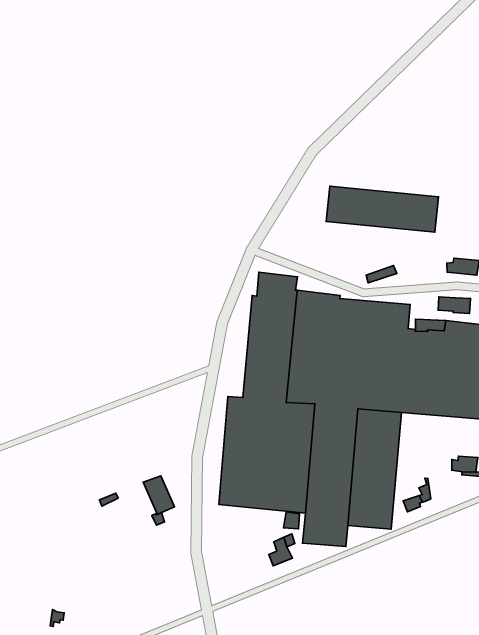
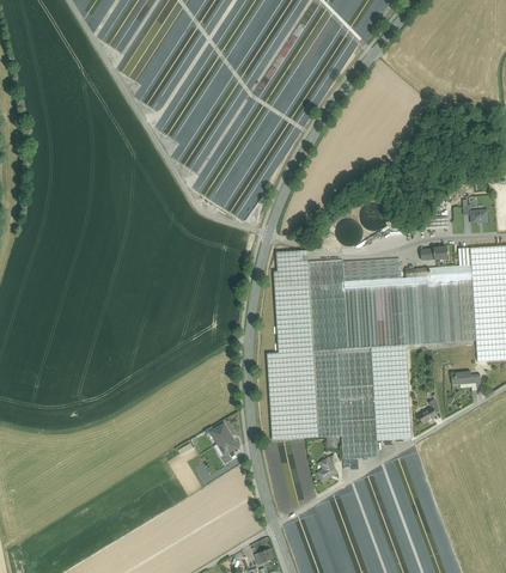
building: [326,186,439,232] -> none

